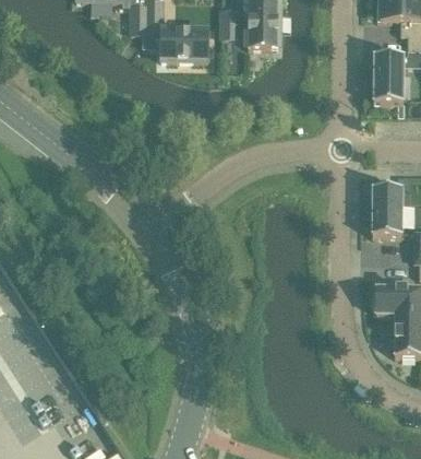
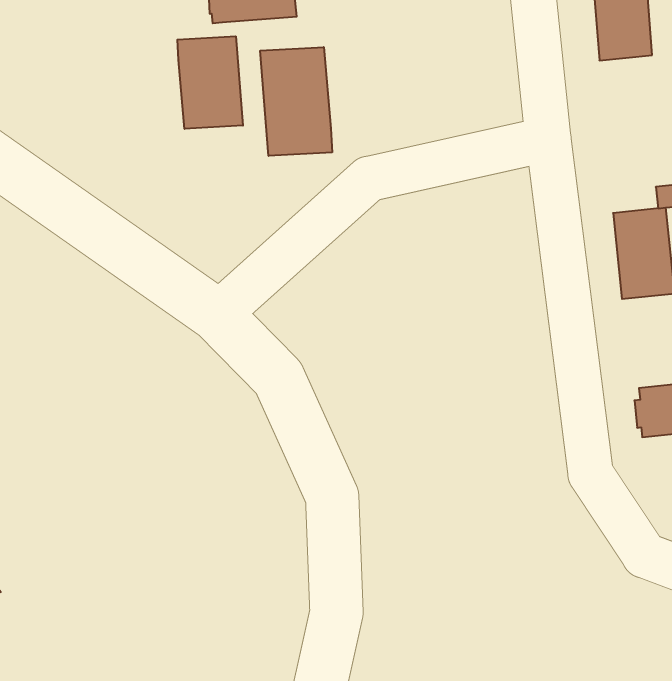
building: none -> [177,36,243,129]
building: none -> [260,47,332,156]

